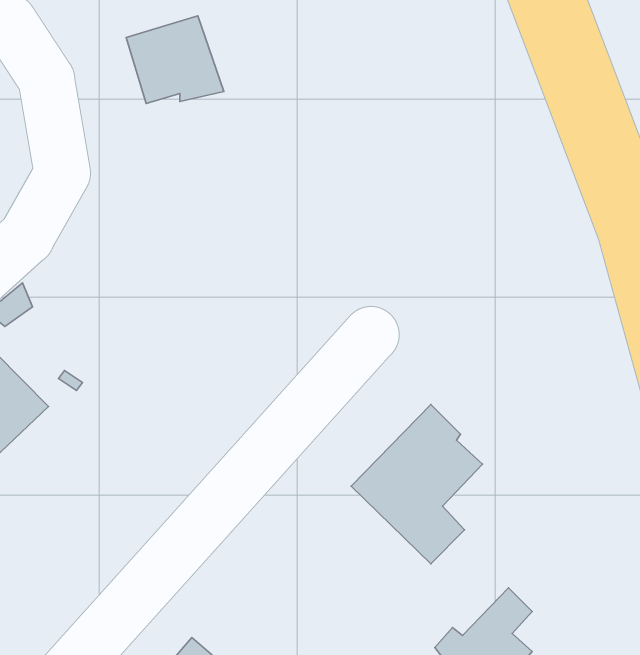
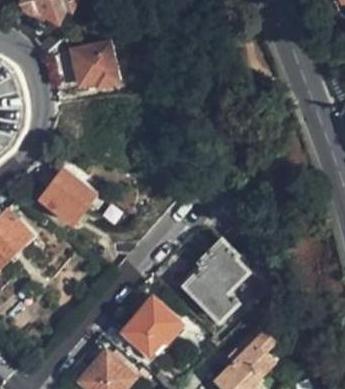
building: none -> [38,169,96,225]
building: none -> [123,300,182,356]

